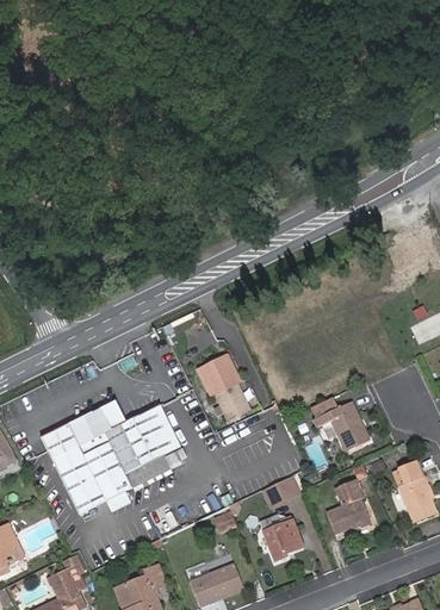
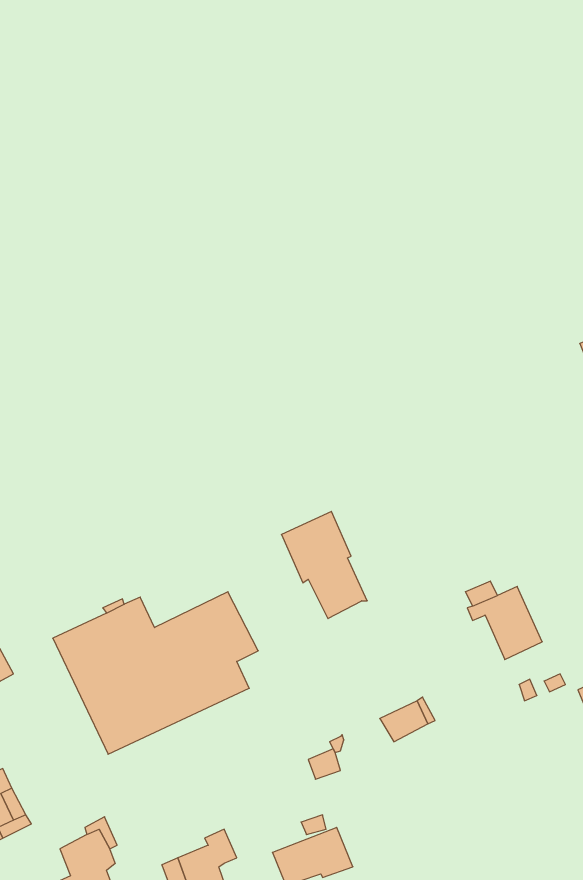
building: [327,479,370,533] -> none
building: [264,516,303,560] -> none

